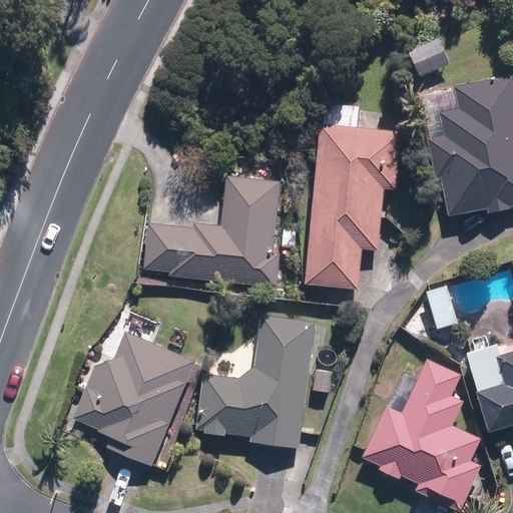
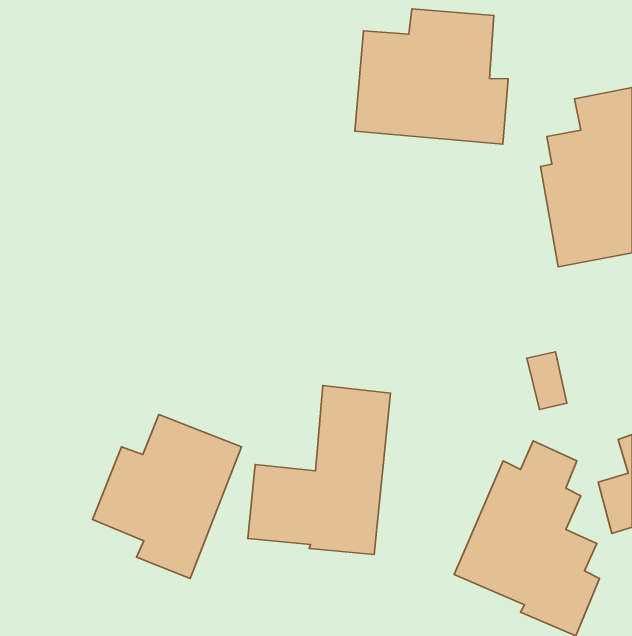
building: none -> [355,9,508,144]
building: [306,121,398,291] -> none
building: [141,173,284,289] -> none

